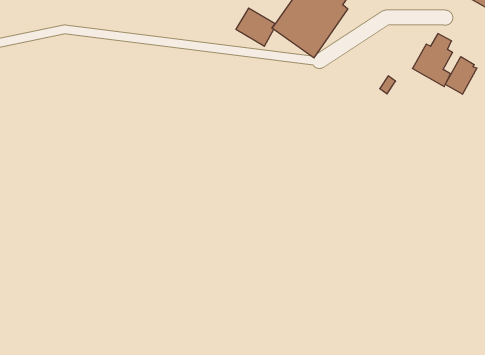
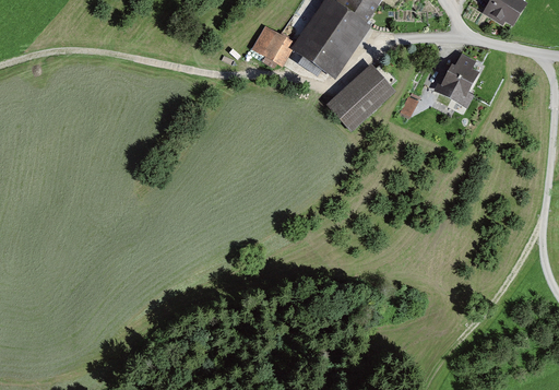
building: none -> [328,64,397,132]
building: [445,57,477,94] -> none

